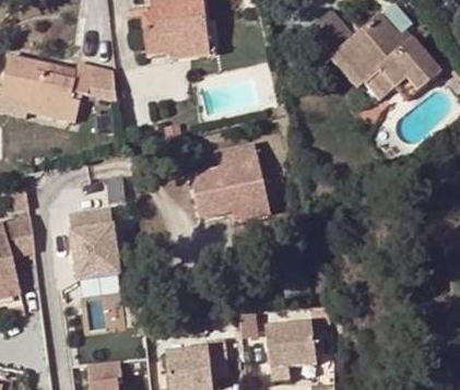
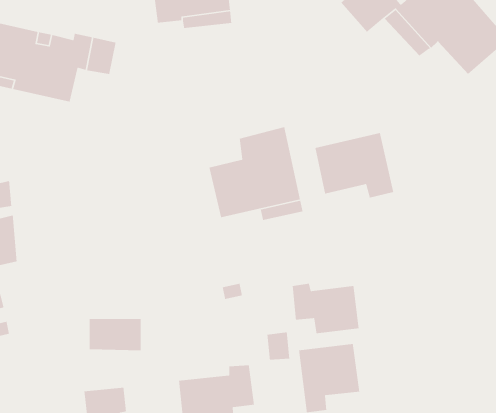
building: none -> [314,132,394,198]
building: [68,208,117,277] -> none
building: none -> [292,283,360,334]

